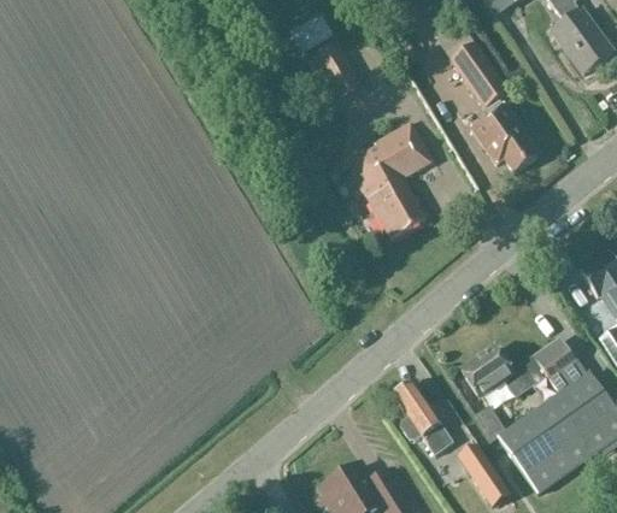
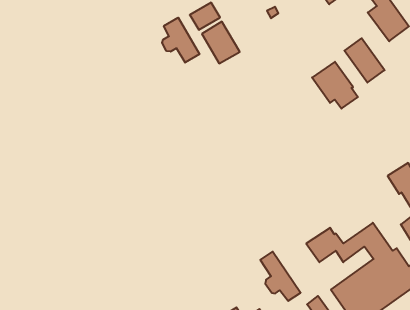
building: none -> [162,18,199,63]
building: [452,43,511,108] -> [344,38,385,83]
building: [345,122,431,238] -> none

